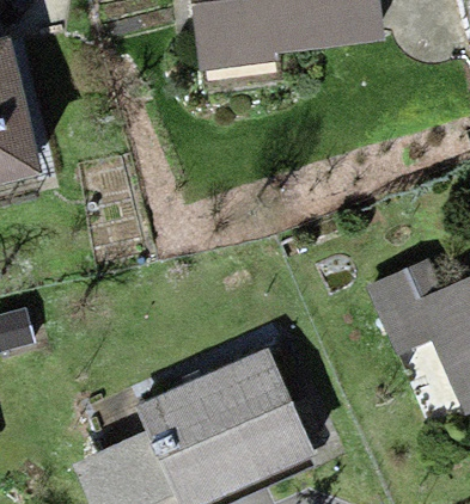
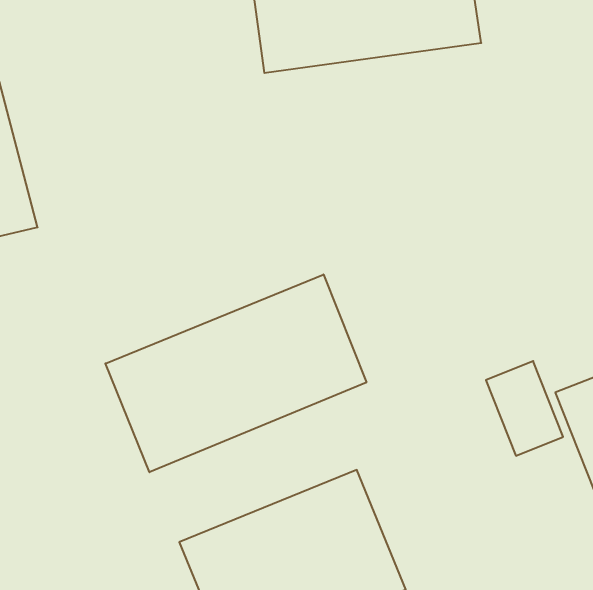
building: none -> [105,274,366,472]

